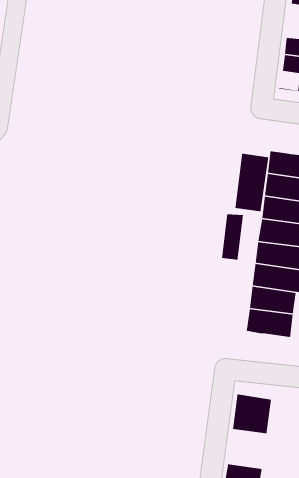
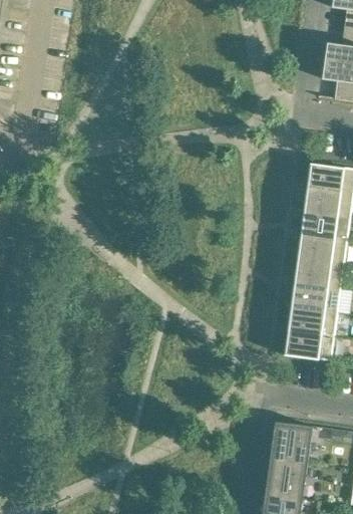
building: [235,153,269,212] -> none
building: [221,213,244,261] -> none
building: none -> [264,459,306,500]

